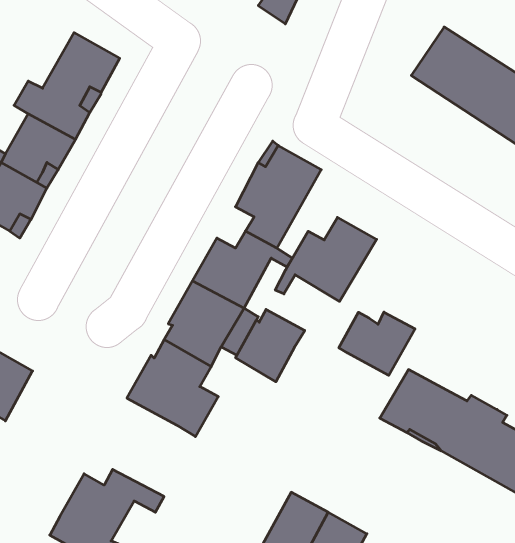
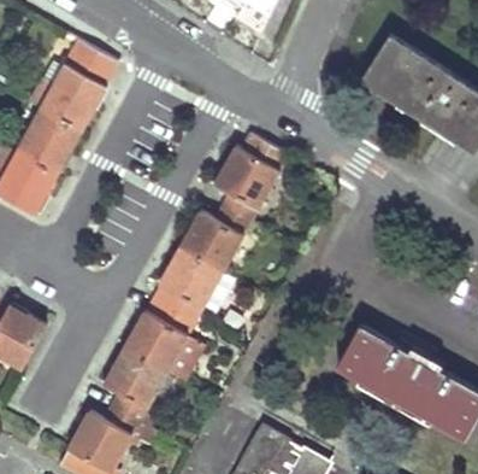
building: [275,217,377,301] -> none
building: [236,309,305,382] -> none
building: [339,312,415,375] -> none
building: none -> [102,350,165,423]

